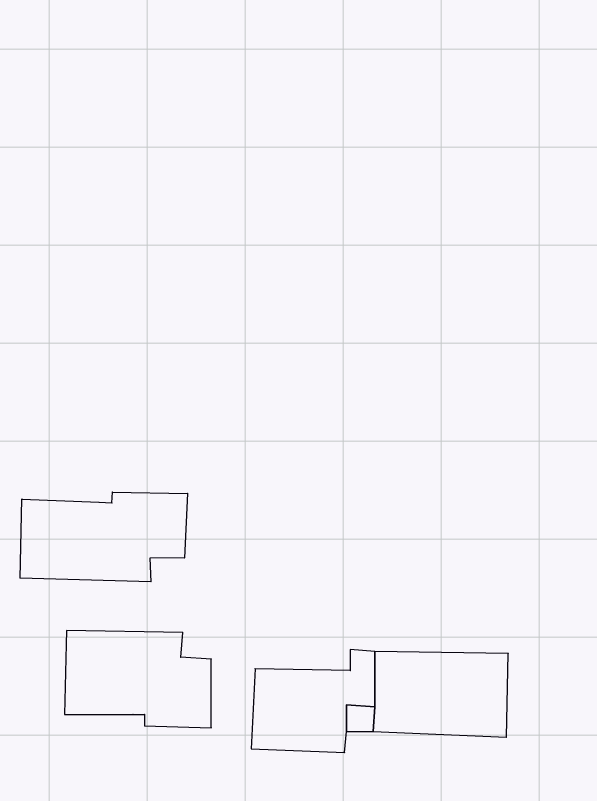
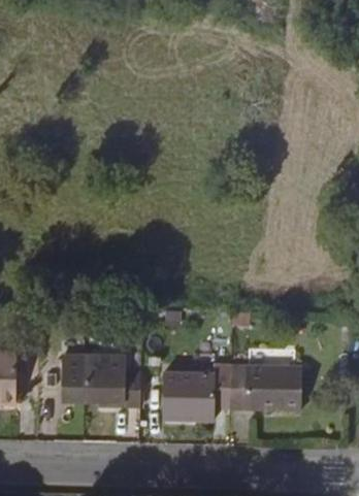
building: [20,492,188,582] -> none

